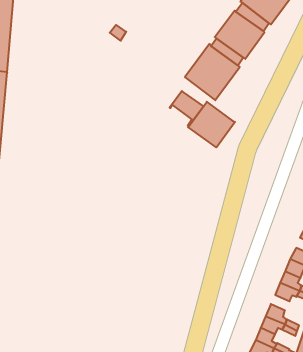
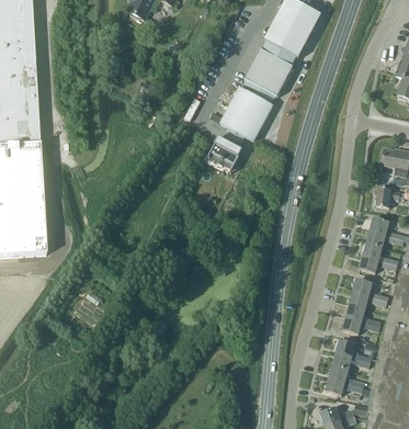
building: [188,102,235,147] -> none

